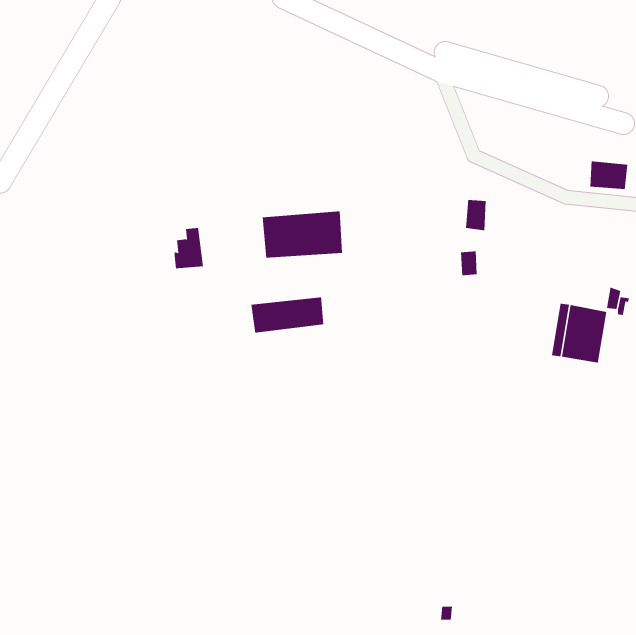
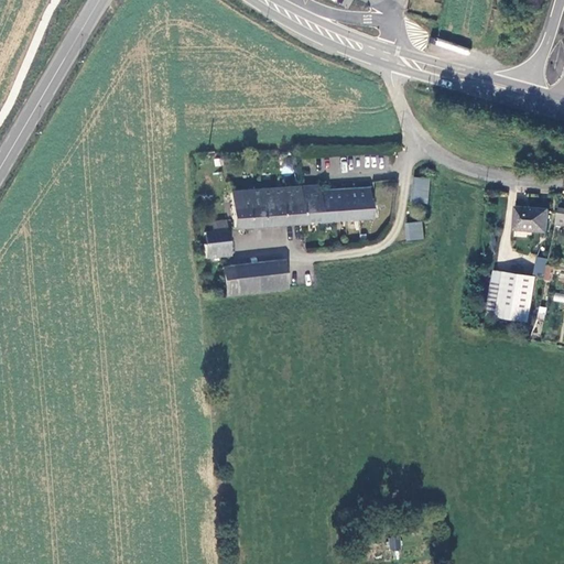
building: [589,161,628,189] -> [517,205,551,230]
building: none -> [302,184,372,224]
building: [174,228,204,269] -> [204,219,230,256]

